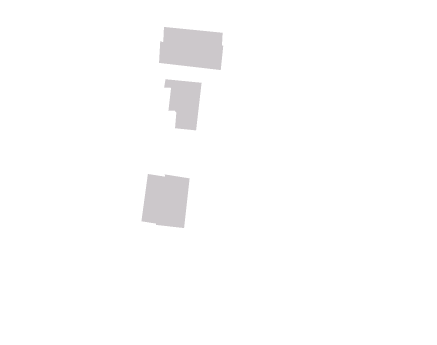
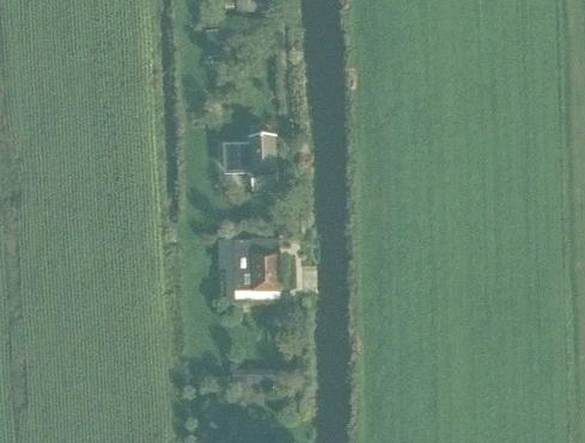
building: [158,26,224,71] -> none

